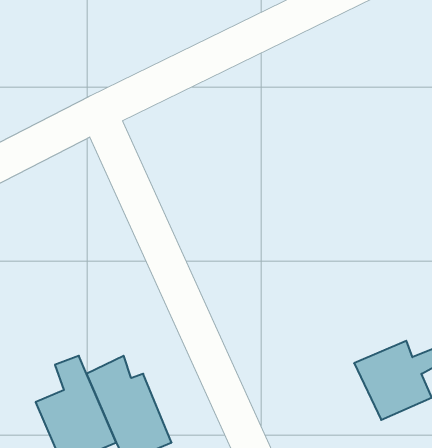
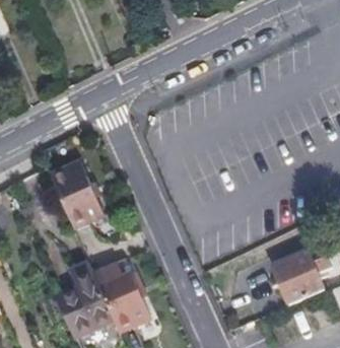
building: none -> [48,159,104,228]

